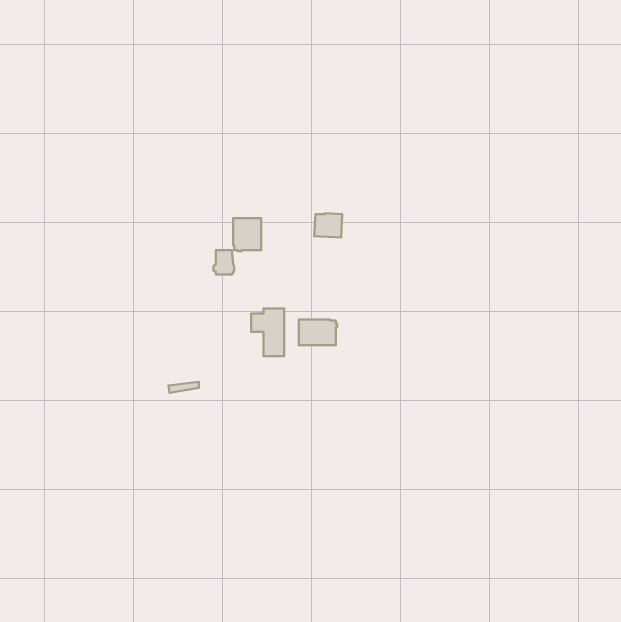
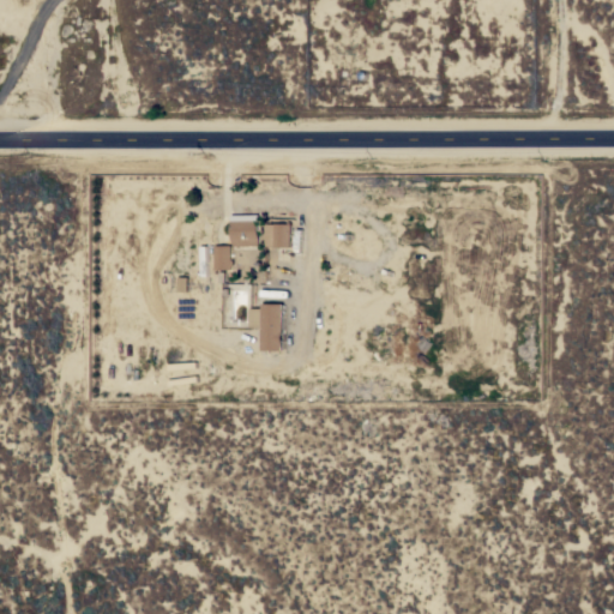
building: [314,213,342,237] -> [261,224,289,248]
building: [299,320,337,345] -> none

